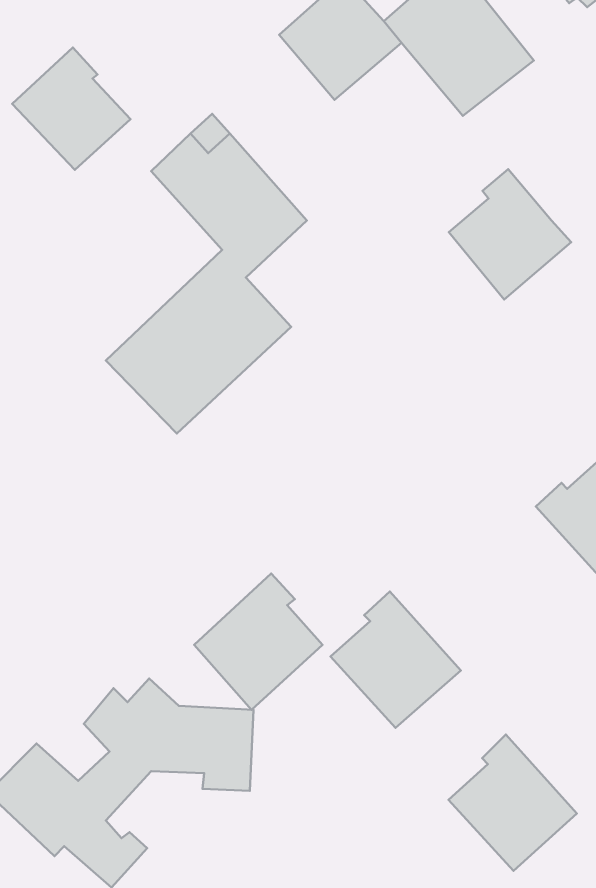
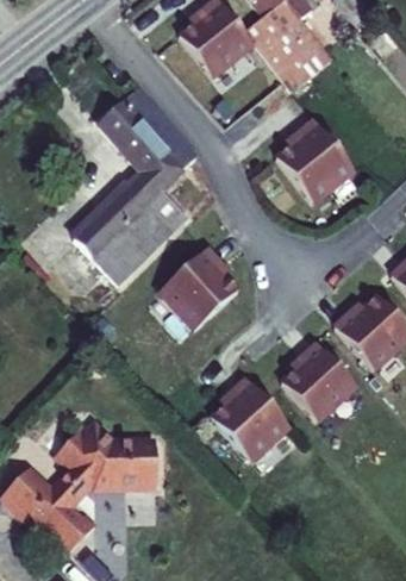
building: [12,47,130,170] -> none
building: [194,574,323,710] -> [160,244,237,326]
building: [449,735,577,871] -> [281,339,358,421]

